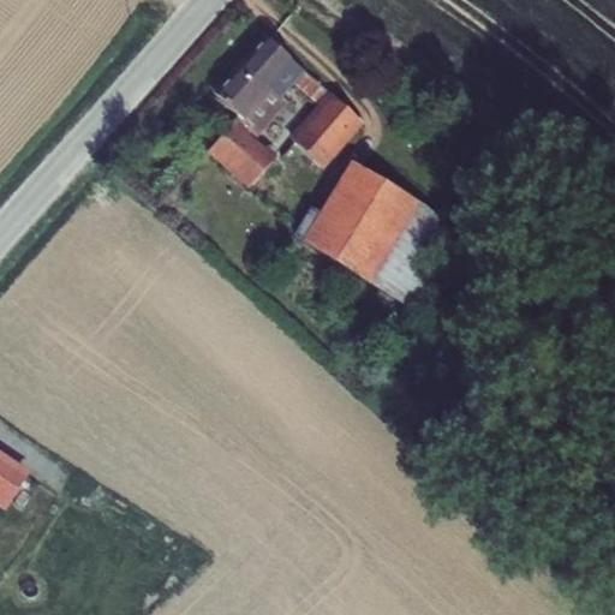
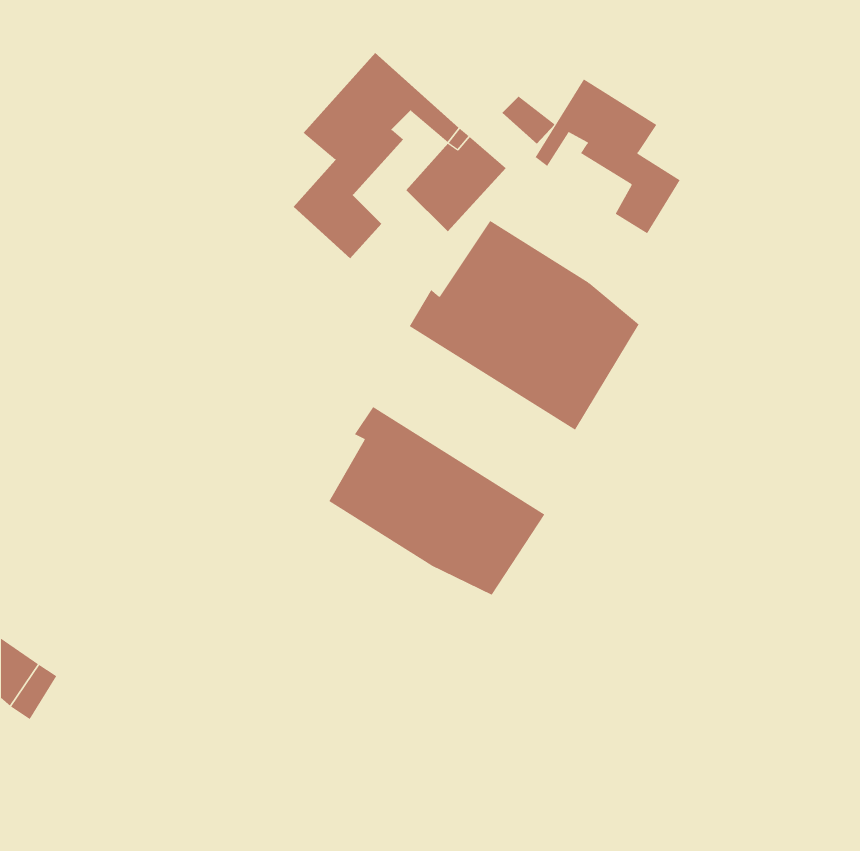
building: none -> [535,79,681,234]
building: none -> [328,406,545,595]

